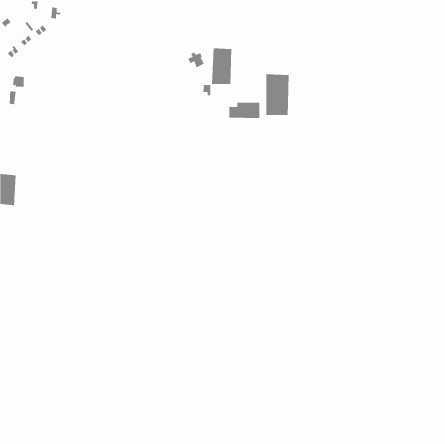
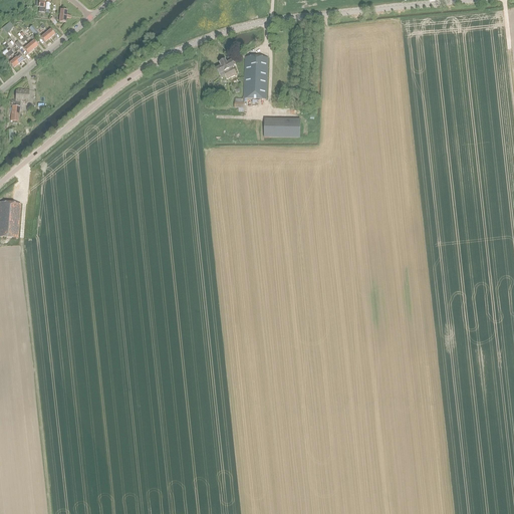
building: [266,74,289,116] -> none

